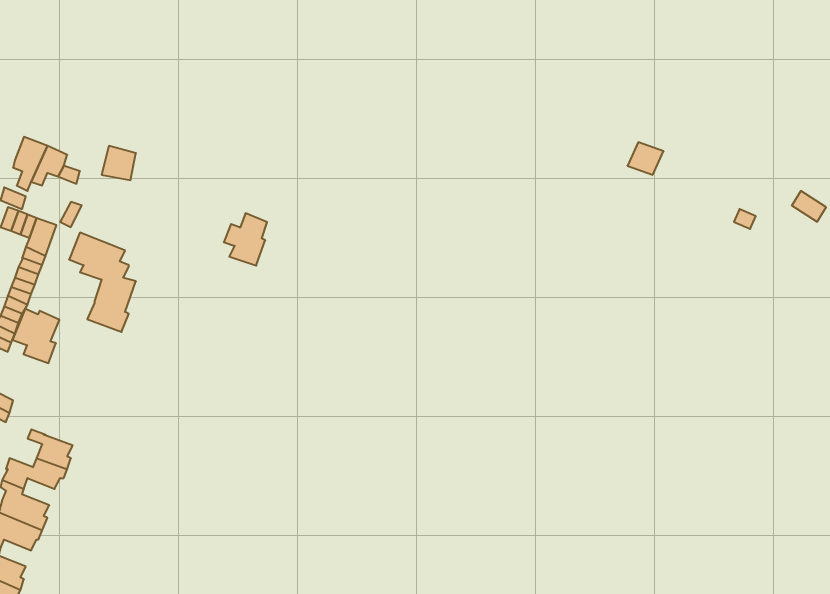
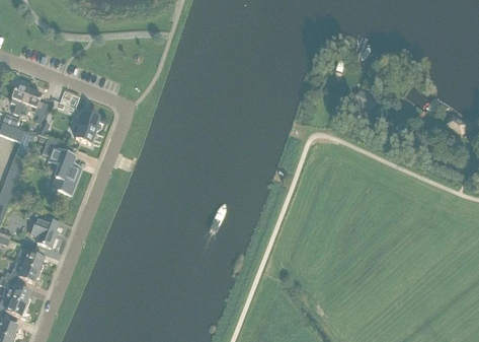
building: [224,213,267,266] -> [72,113,96,142]
building: [13,309,59,363] -> [30,215,57,246]

